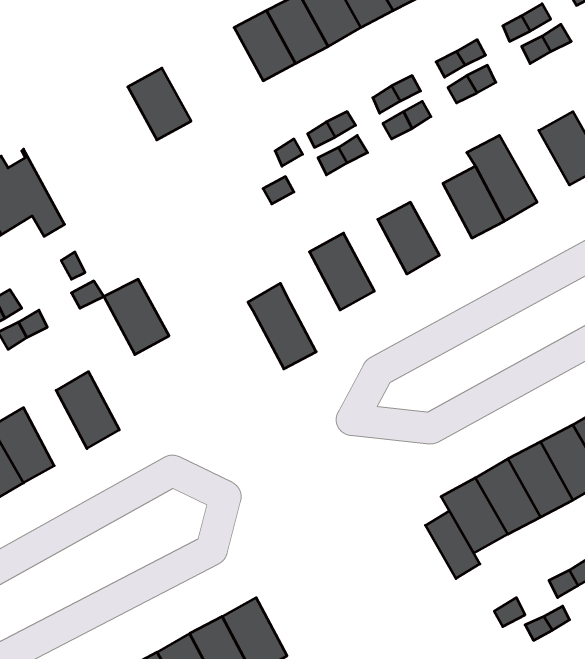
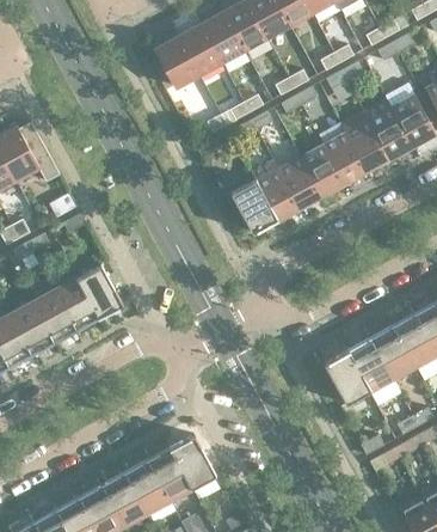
building: [128,68,191,140] -> [154,36,198,86]
building: none -> [363,99,412,158]
building: none -> [301,145,344,195]
building: [104,279,169,355] -> [76,264,122,317]
building: [248,283,316,369] -> [251,160,298,220]
building: none -> [31,289,75,342]
building: [425,511,480,579] -> none

